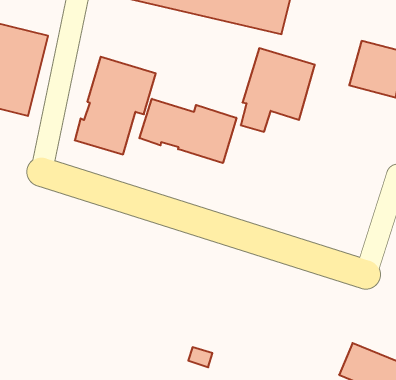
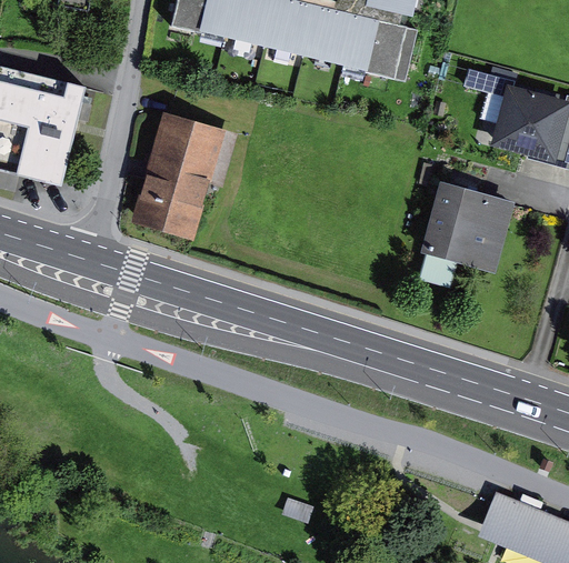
building: [241,48,315,132] -> [416,179,515,290]
building: [139,99,236,163] -> none

